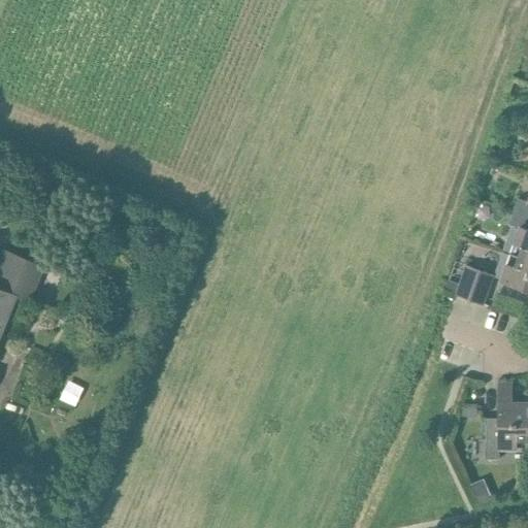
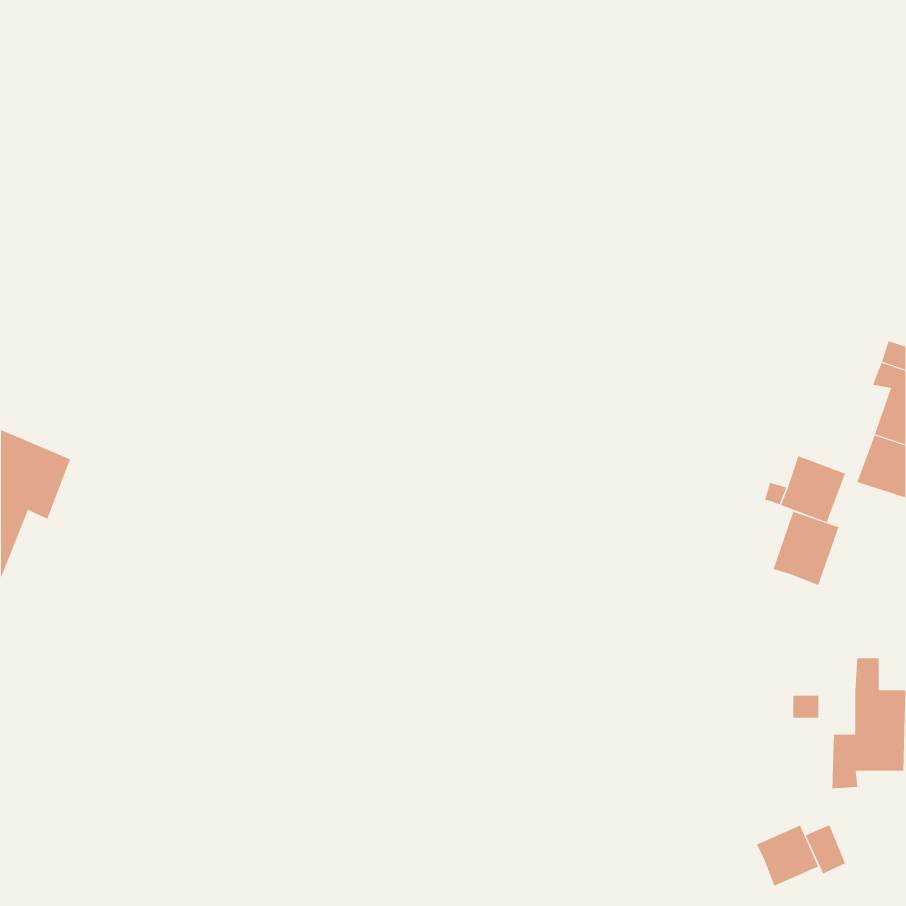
building: none -> [773,510,839,586]
building: none -> [756,824,819,886]

